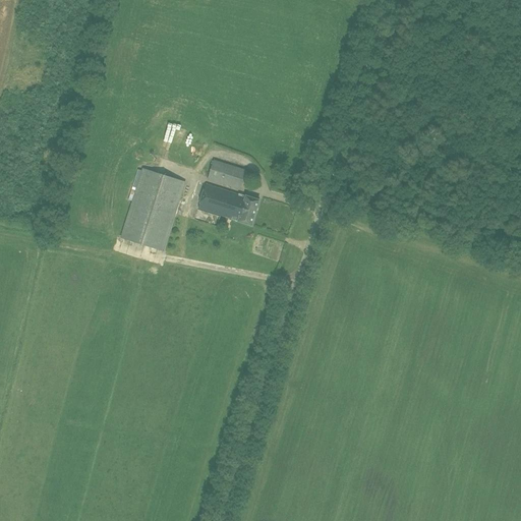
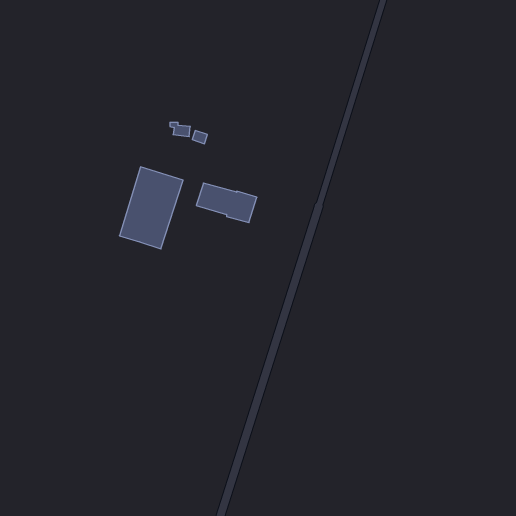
building: [207,159,245,188] -> none

